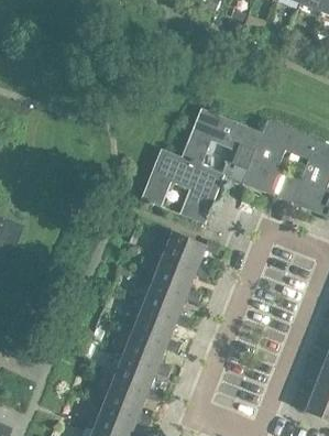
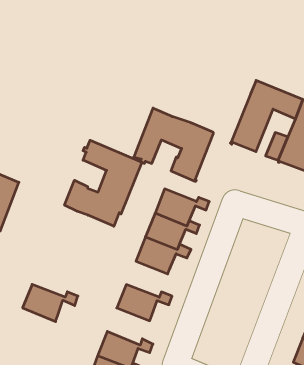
building: [182,107,263,182] -> none
building: none -> [65,140,142,226]
building: [134,306,191,344] -> none
building: [114,355,172,393] -> [23,284,78,322]

